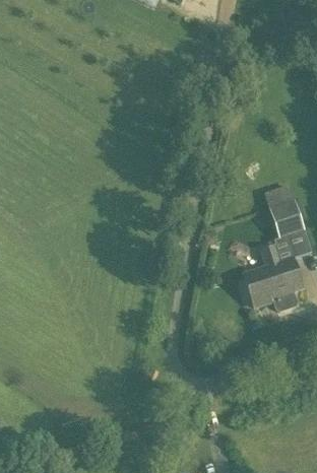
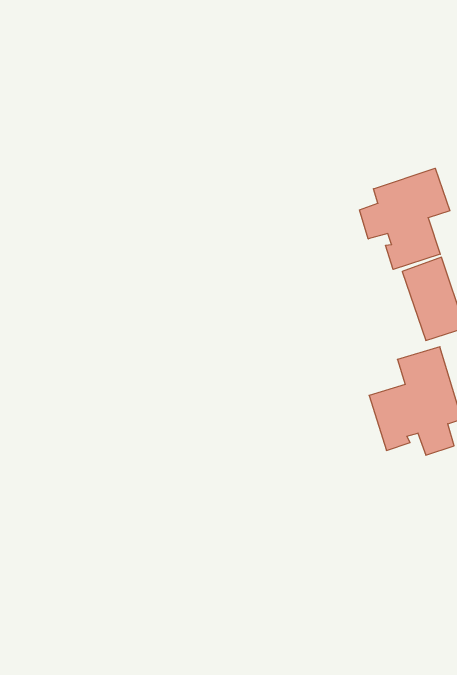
building: none -> [359,168,450,269]

